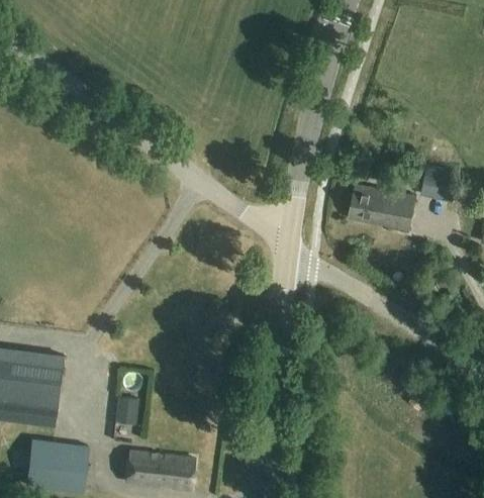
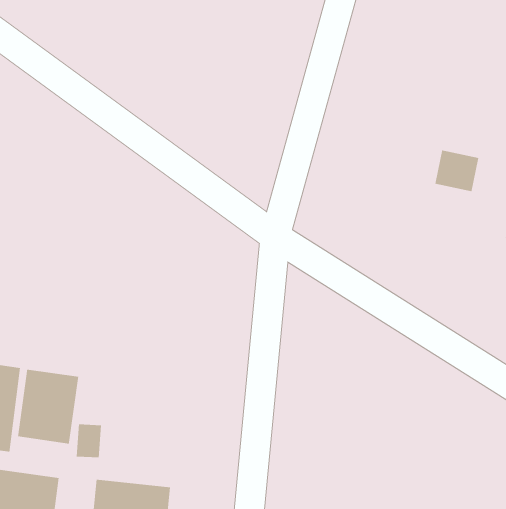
building: [346,185,416,230] -> none
building: none -> [17,369,79,444]

